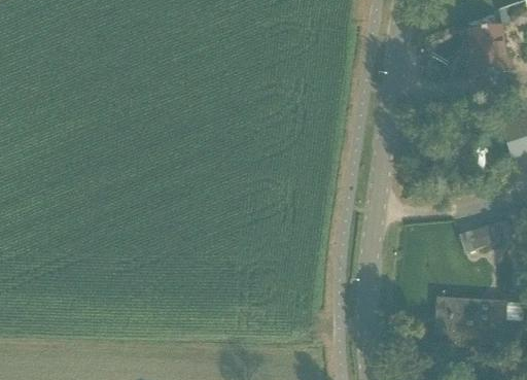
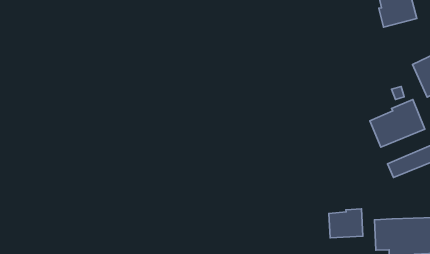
building: none -> [370,100,425,147]
building: none -> [329,209,363,238]

